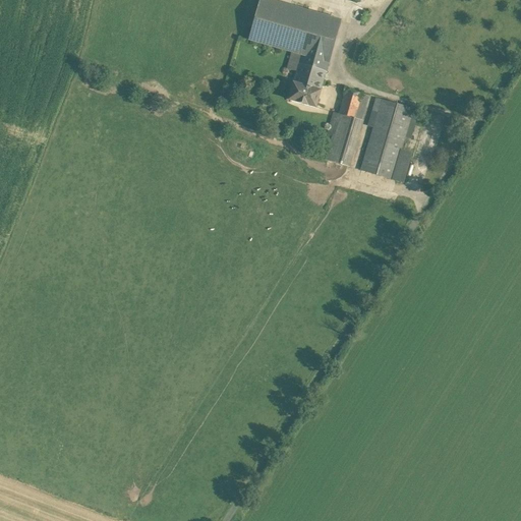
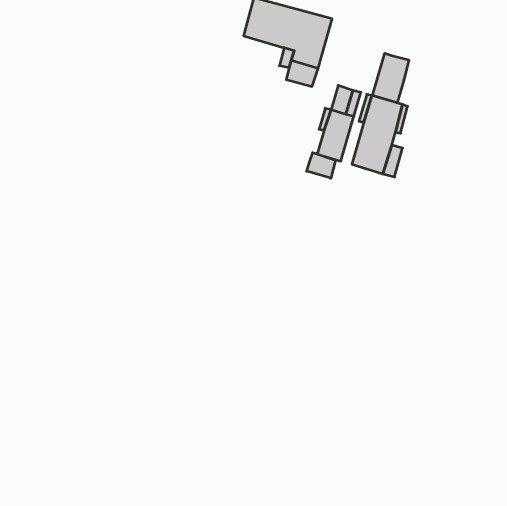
building: none -> [373,53,409,103]
building: [288,81,320,106] -> none
building: none -> [307,153,336,178]

